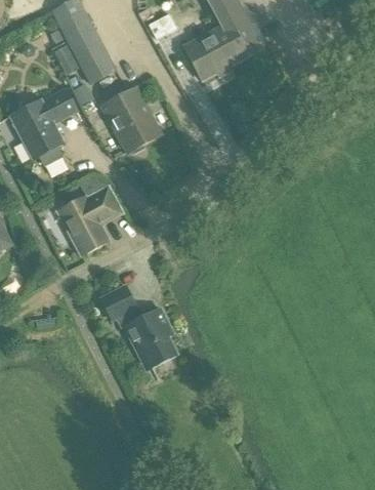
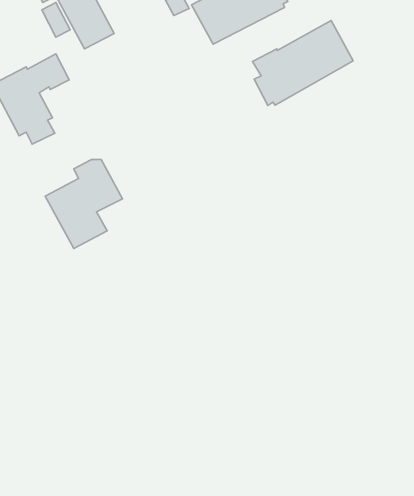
building: none -> [253,20,353,105]
building: [102,88,161,153] -> none
building: [100,286,177,370] -> none

